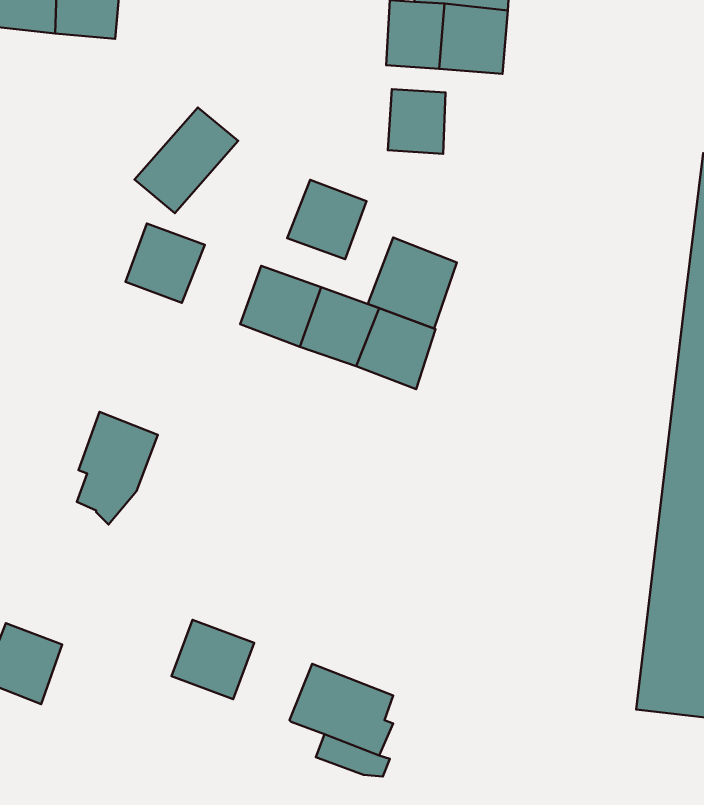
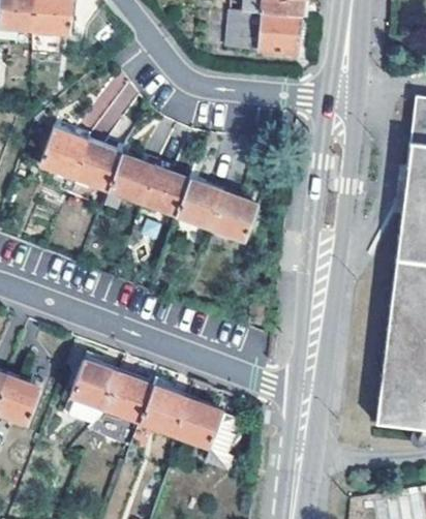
building: [388,89,445,154] -> none
building: [287,180,366,259] -> [110,154,156,201]
building: none -> [43,129,89,176]
building: [368,237,457,329] -> none
building: [77,412,158,525] -> [68,361,116,427]
building: none -> [140,388,186,434]

